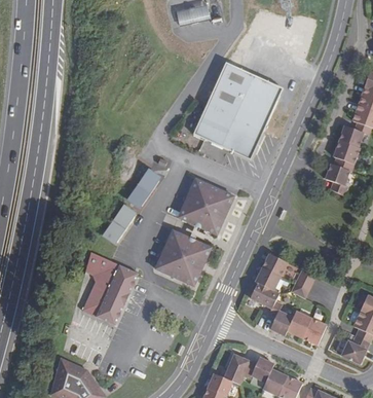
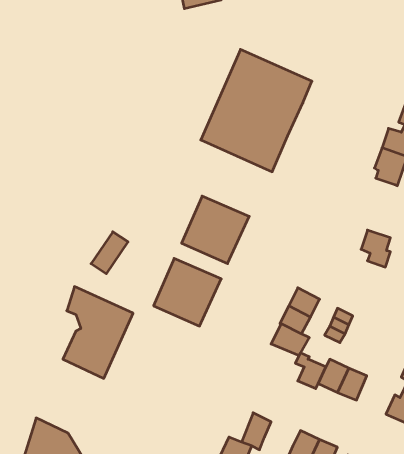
building: [325,164,348,193] -> [361,230,390,267]
building: [128,172,158,206] -> none
building: [244,357,274,381] -> none

